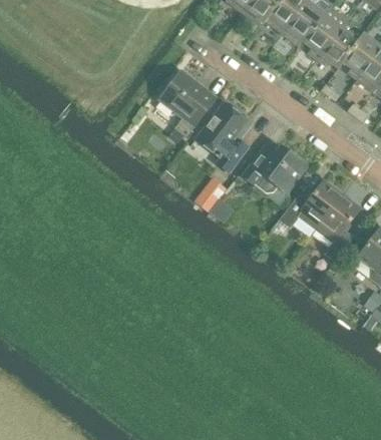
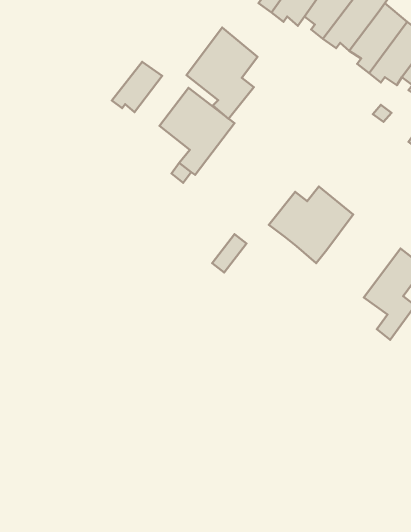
building: none -> [112,62,162,112]
building: [197,102,251,171] -> [186,28,258,119]
building: [278,179,342,230] -> none

